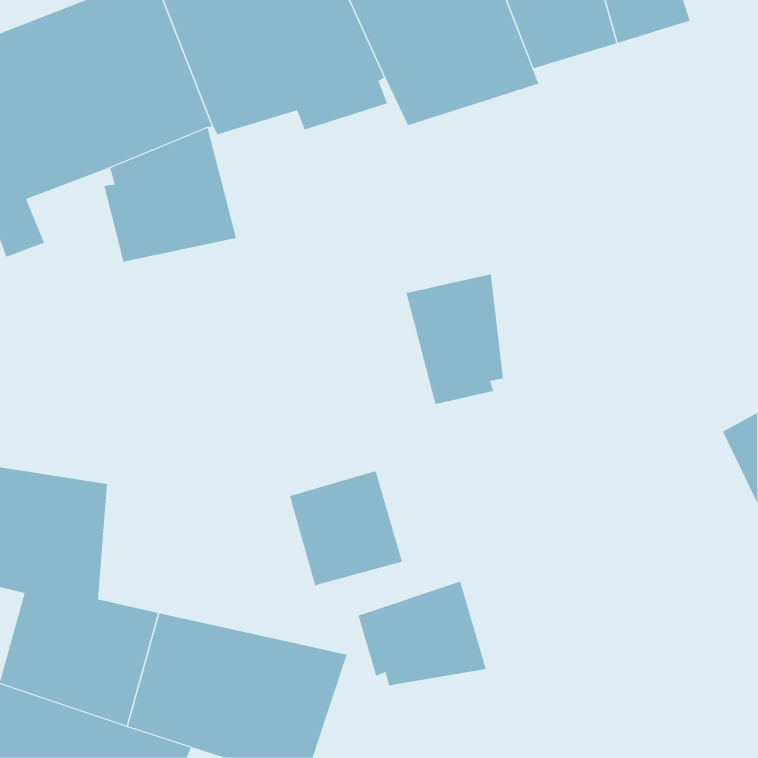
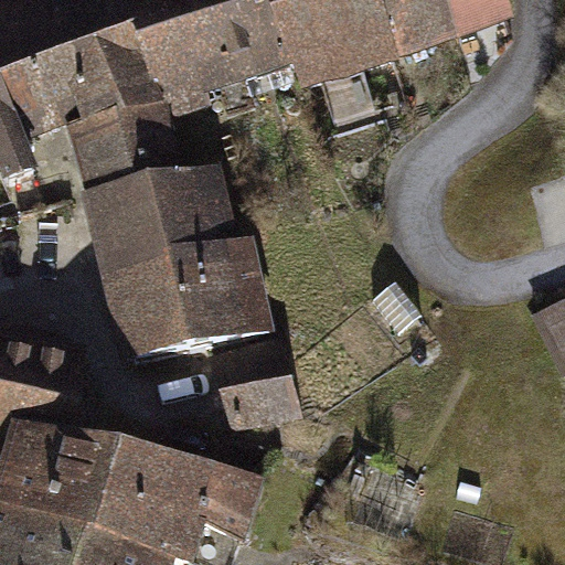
building: none -> [93,178,262,365]
building: [406,273,504,405] -> none
building: [358,581,486,686] -> none

